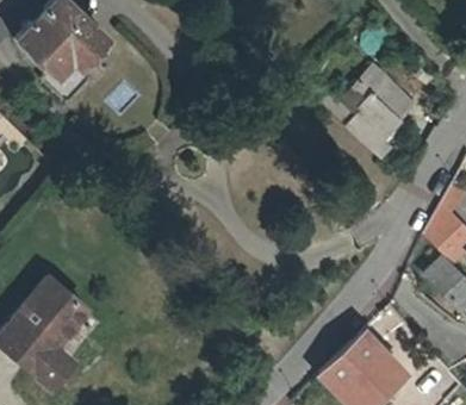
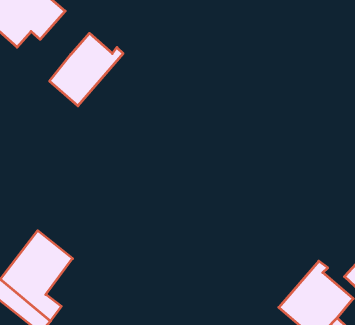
building: none -> [50,33,123,106]
building: [323,68,416,158] -> none

